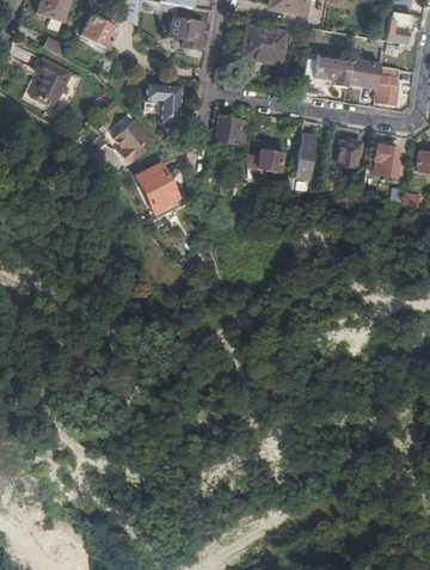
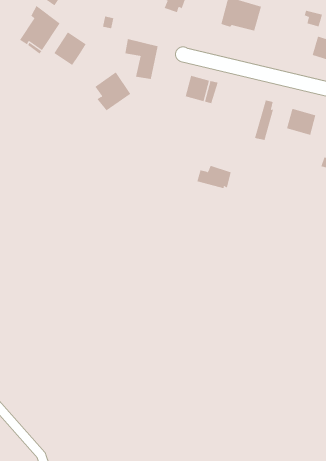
building: [303,56,350,86] -> none
building: none -> [54,31,87,66]
building: [247,148,284,172] -> [196,165,232,189]
building: [136,161,183,216] -> none

